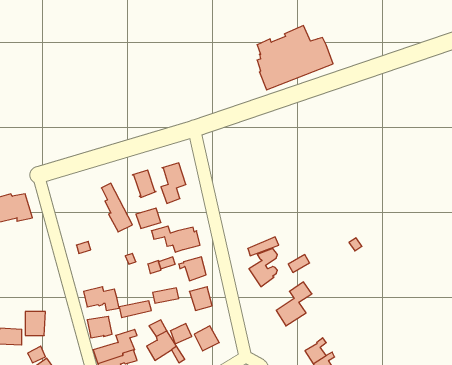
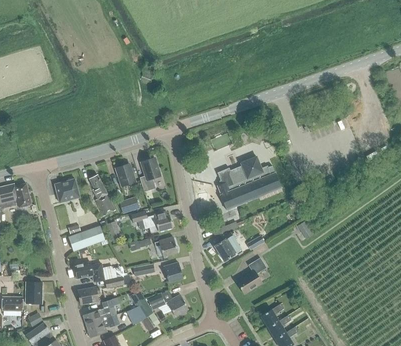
building: [257,26,333,90] -> [217,155,281,209]
building: none -> [54,176,79,202]
building: none -> [68,225,104,251]

